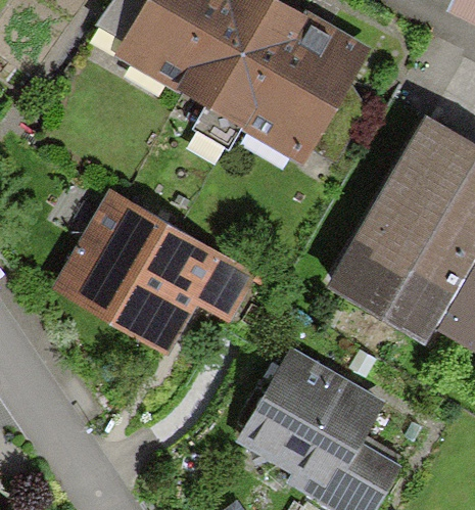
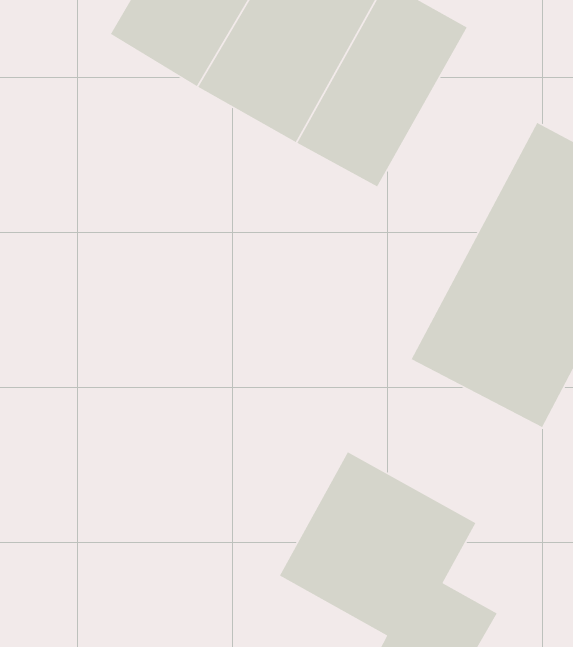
building: [60,195,249,349] -> none

